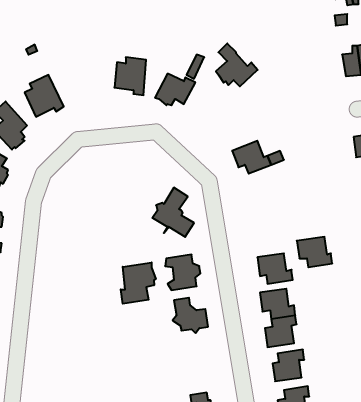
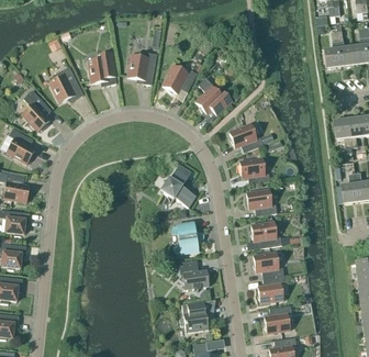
building: [216,43,258,86] -> [194,77,231,114]
building: none -> [87,52,116,85]
building: none -> [238,157,269,183]
building: [297,237,332,267] -> [245,189,276,215]
building: [121,262,156,304] -> none
building: none -> [179,299,212,332]

